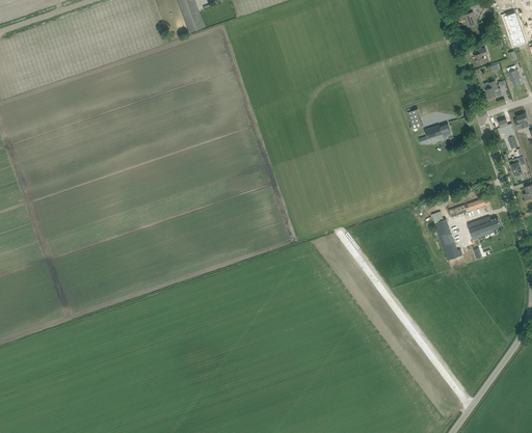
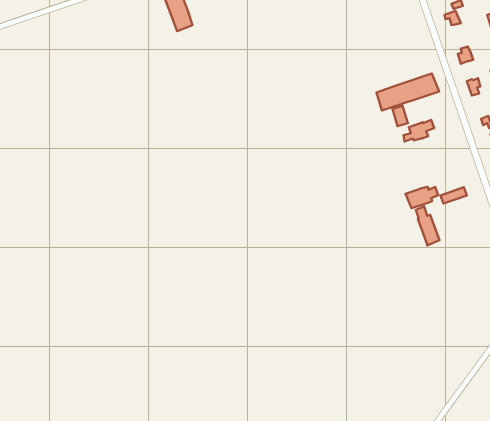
building: none -> [377,73,439,111]
building: [467,217,500,239] -> [406,187,438,208]

